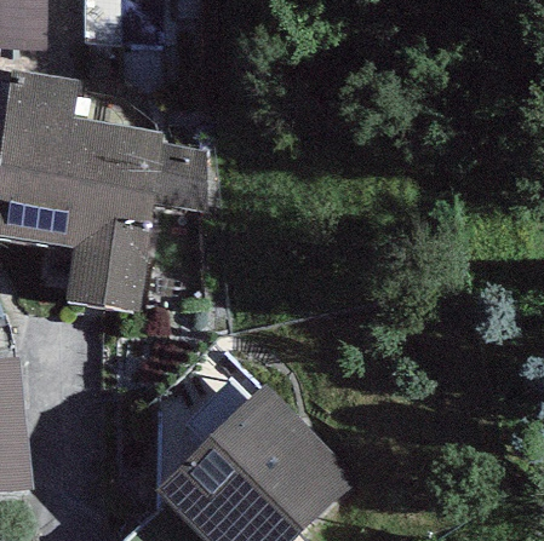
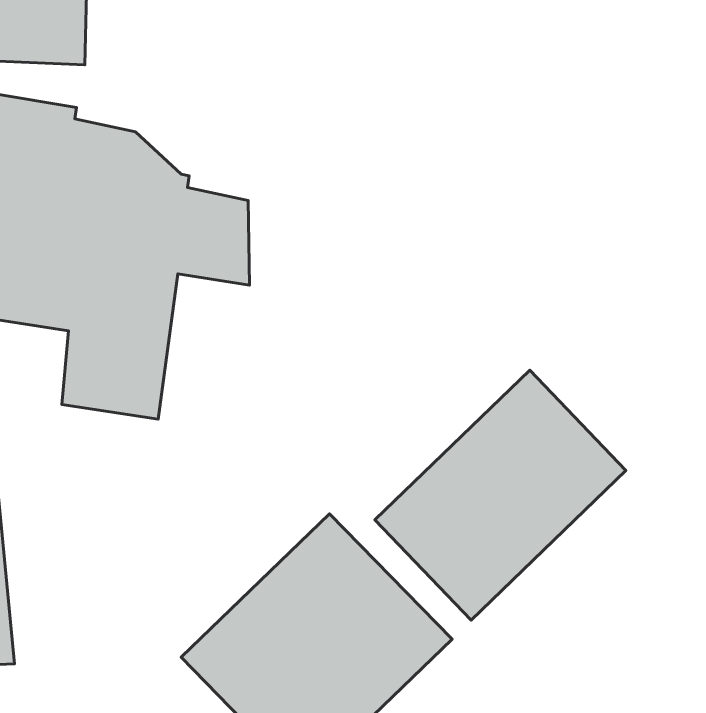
building: none -> [375,370,626,620]

